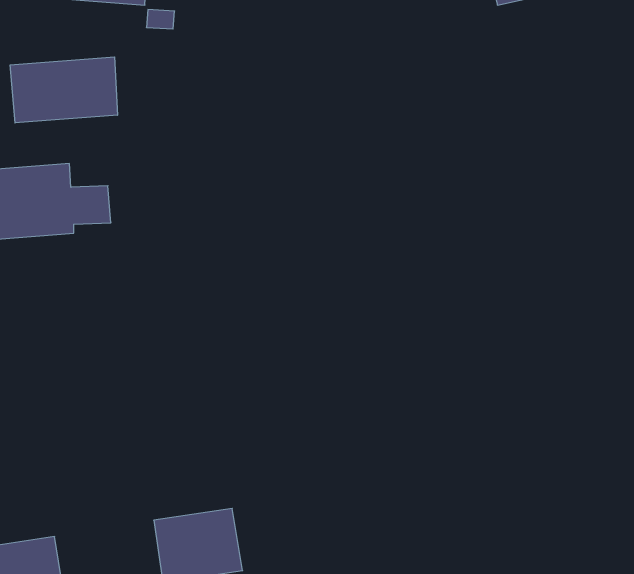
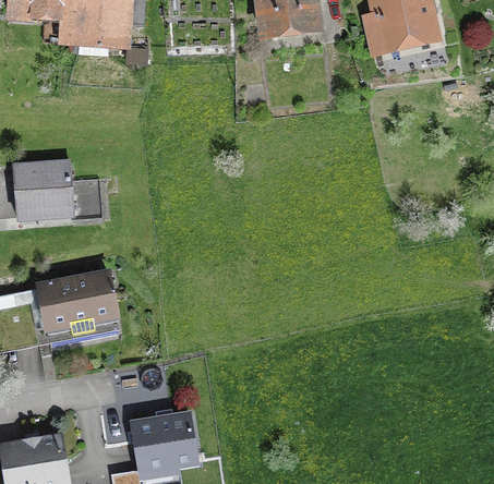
building: [10,57,117,123] -> none
building: none -> [38,274,119,346]

